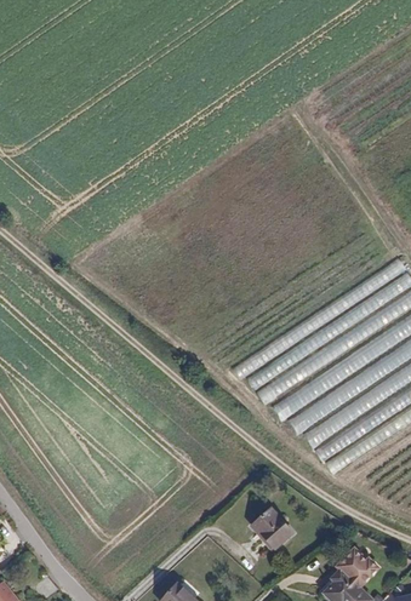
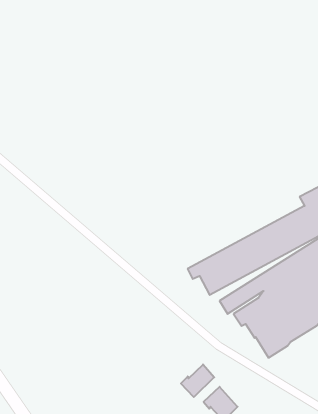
building: none -> [181,364,214,397]

